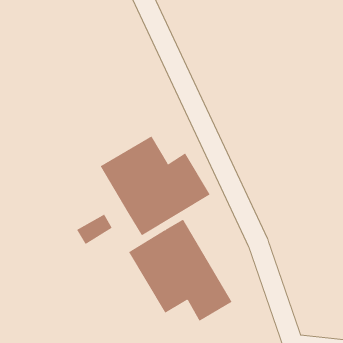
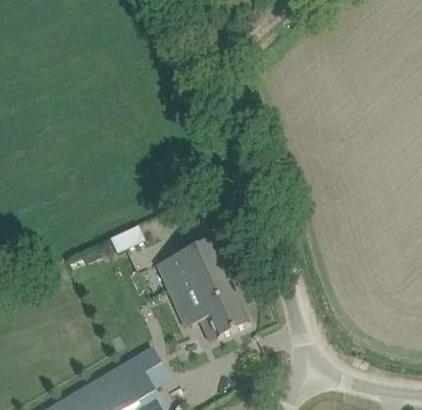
building: [100,136,210,236] -> none

